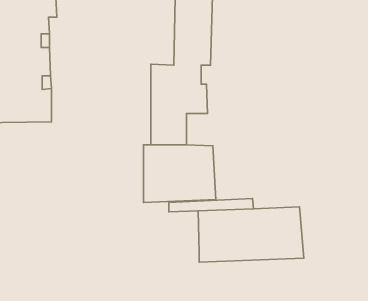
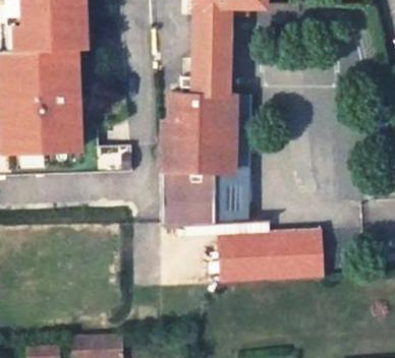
building: none -> [208,95,238,173]

